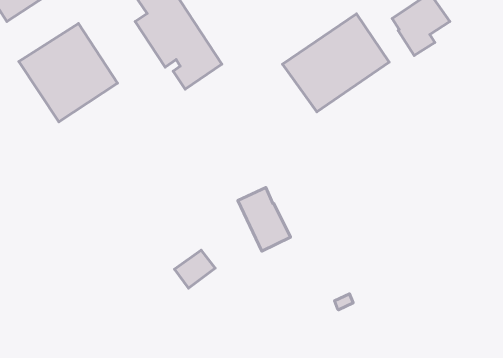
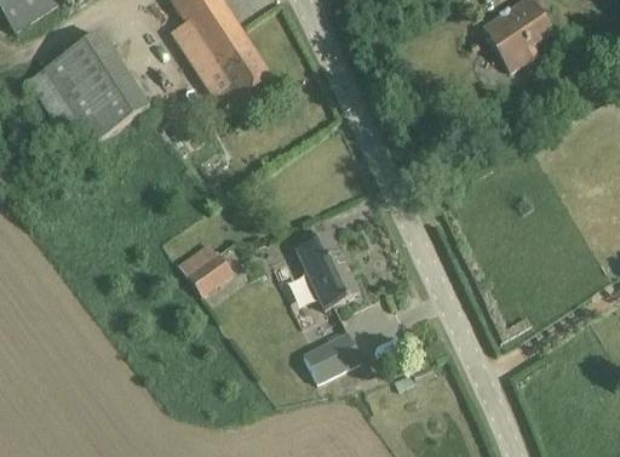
building: [283,14,389,112] -> none
building: [174,250,215,288] -> [185,249,235,295]
building: none -> [303,332,357,379]

